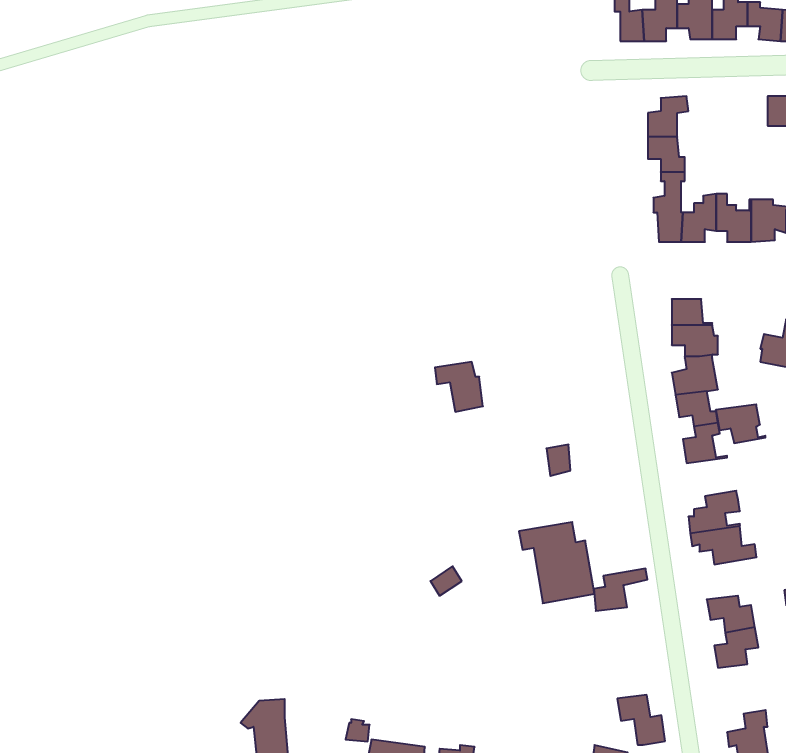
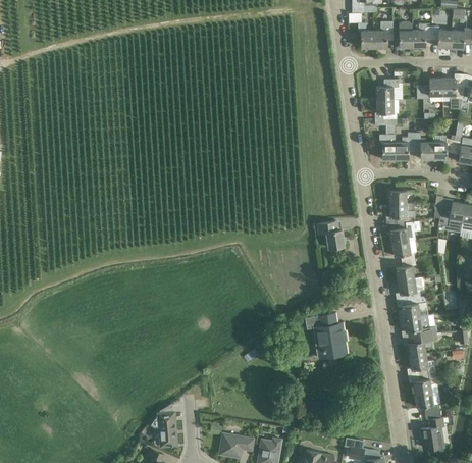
building: none -> [422,79,441,102]
building: [435,362,483,412] -> [316,222,343,250]
building: [716,404,765,443] -> [397,278,424,300]
building: [594,569,647,611] -> [407,333,436,357]
building: [617,695,665,745] -> [414,393,440,420]

